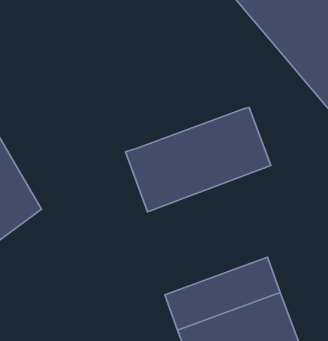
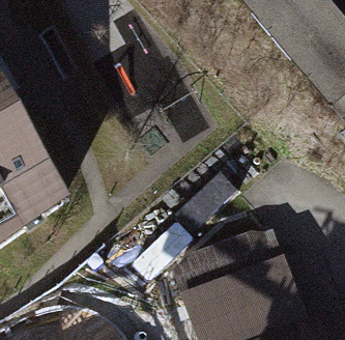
building: [125,107,271,212] -> none

